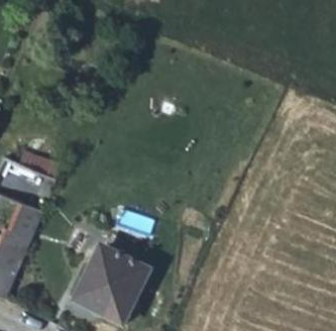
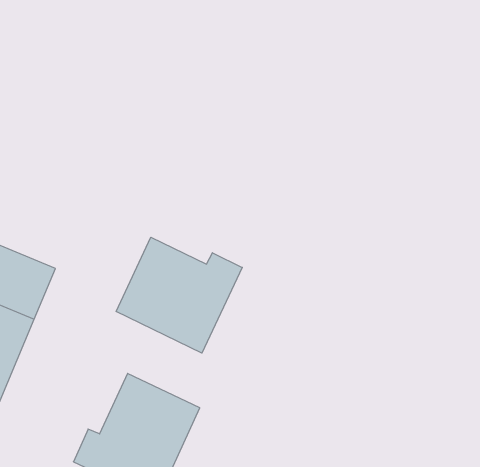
building: none -> [116,237,242,353]

